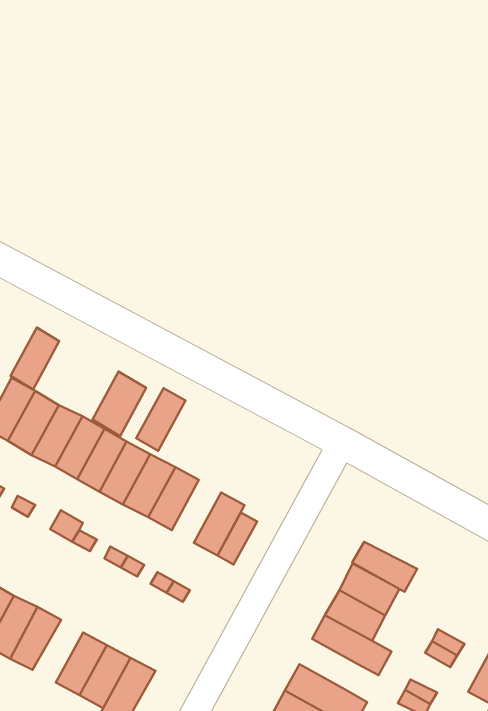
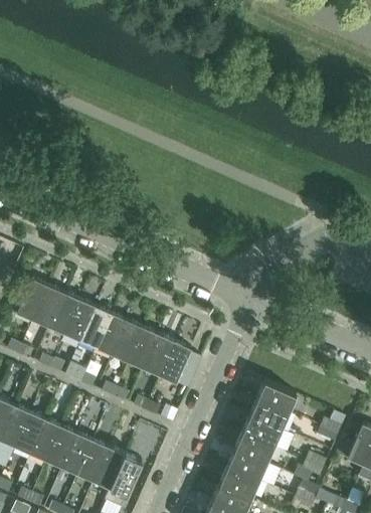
building: [11,327,59,390] -> none
building: [92,371,146,436] -> none
building: [136,388,185,451] -> [145,335,175,376]
building: [352,542,417,592] -> none
building: none -> [61,434,92,475]
building: none -> [235,433,273,464]

